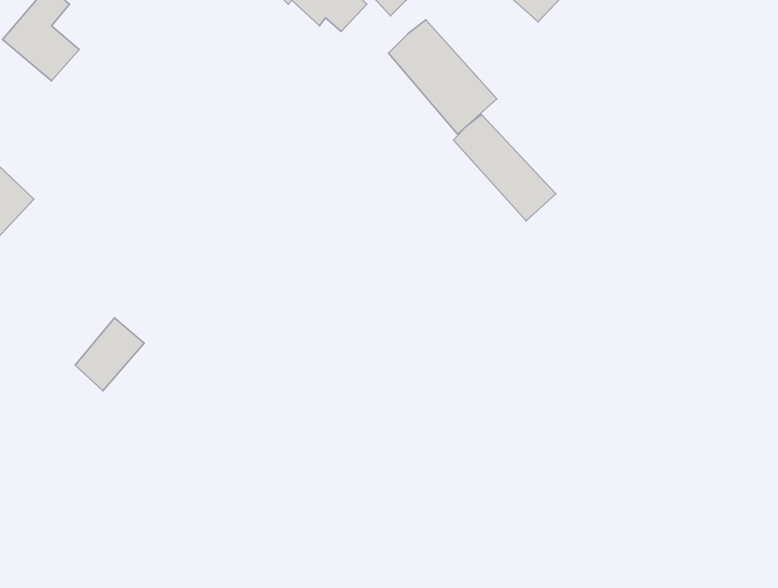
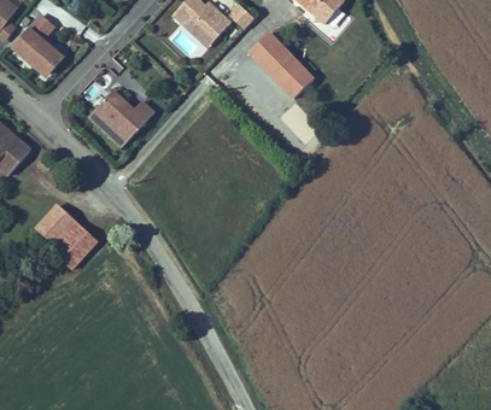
building: none -> [89,88,154,145]
building: [453,114,556,221] -> none
building: none -> [41,200,84,248]

